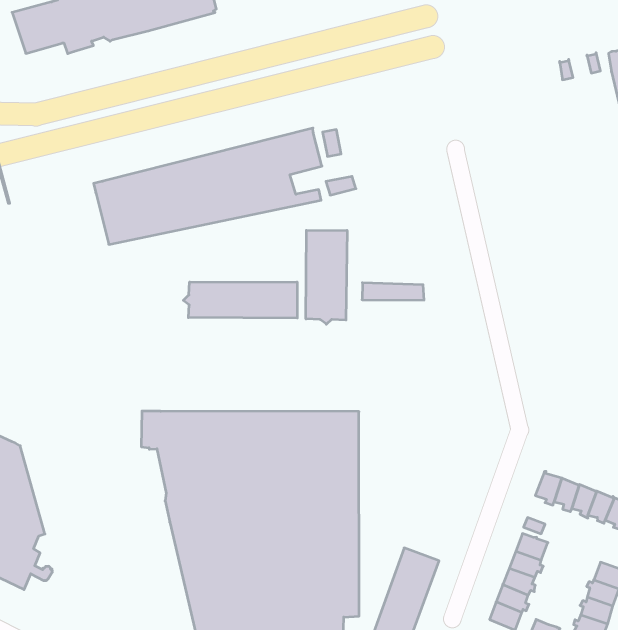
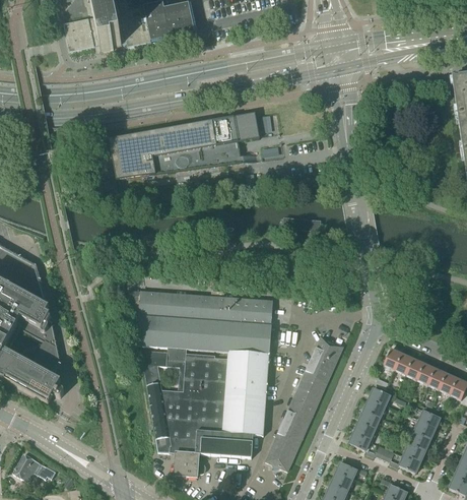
building: [306,230,347,324] -> none
building: [183,282,297,318] -> none
building: none -> [296,335,344,401]

